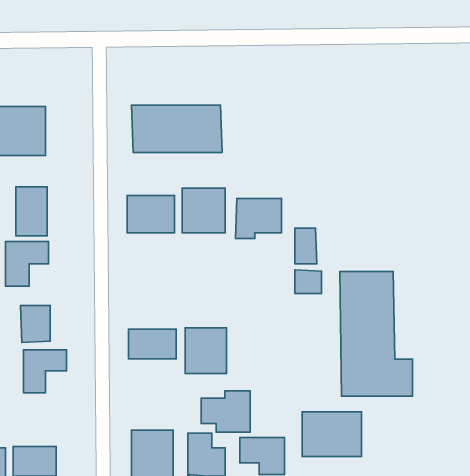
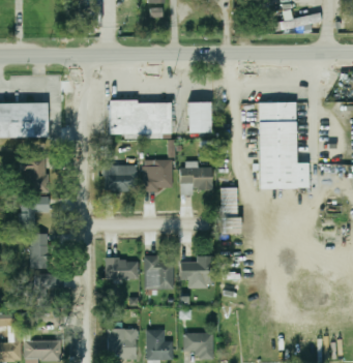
building: none -> [188,102,211,132]
building: [340,271,413,396] -> [258,101,308,188]
building: [201,391,250,432] -> [180,256,214,285]
building: [302,412,361,456] -> none

